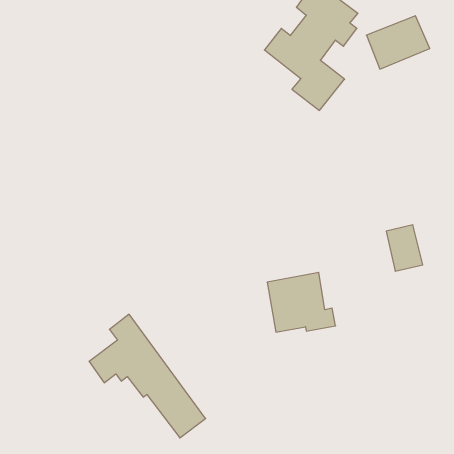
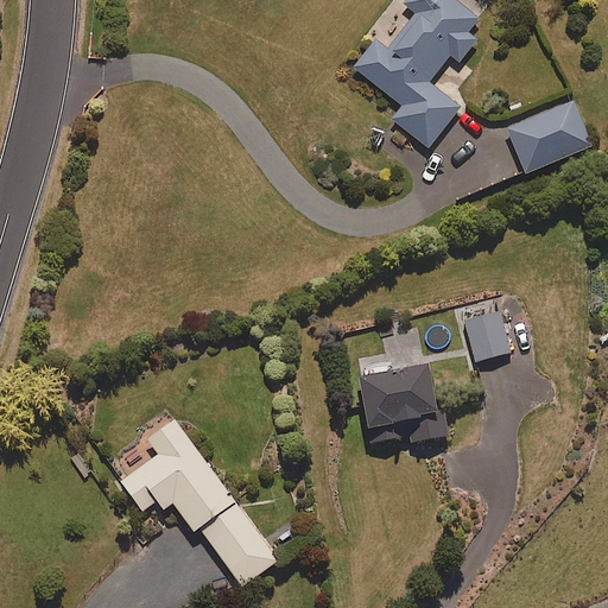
building: [366,16,430,69] -> [507,101,591,172]
building: [386,225,423,271] -> [461,299,509,361]

